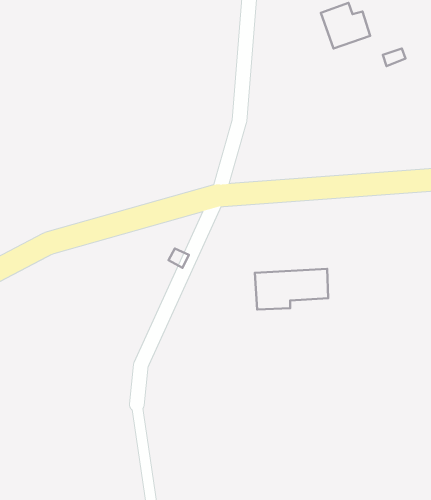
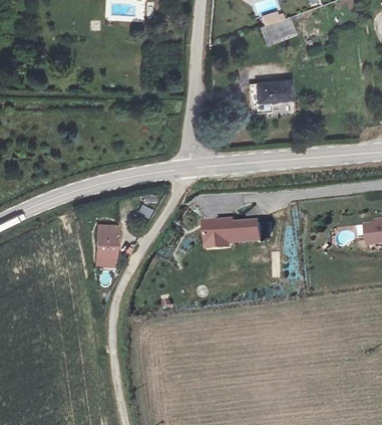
building: none -> [251,85,288,108]
building: none -> [97,228,118,256]

